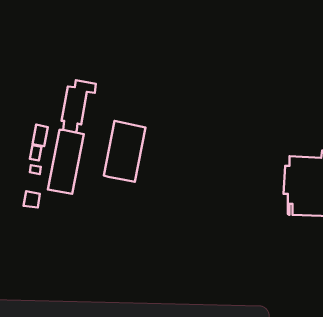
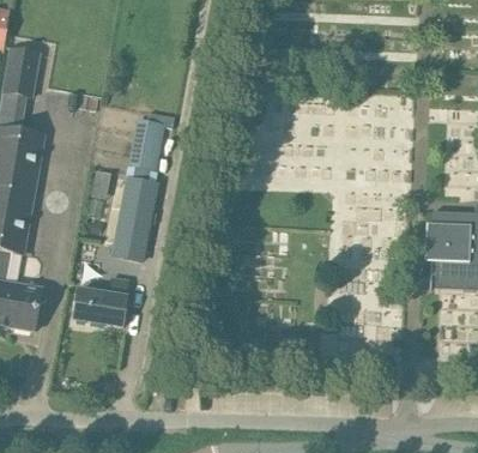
building: [104,121,146,182] -> none
building: none -> [74,274,131,325]

